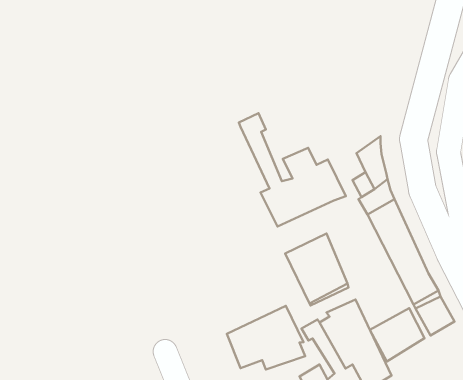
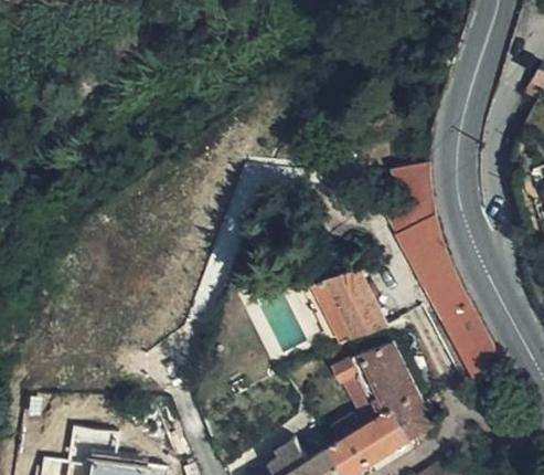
building: [239,113,346,227] -> none
building: [227,306,305,370] -> none
building: [370,308,424,361] -> none

